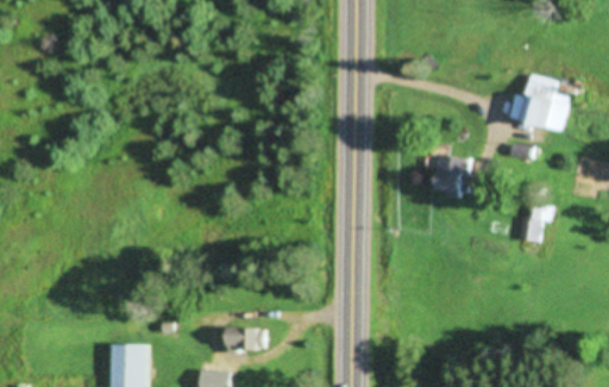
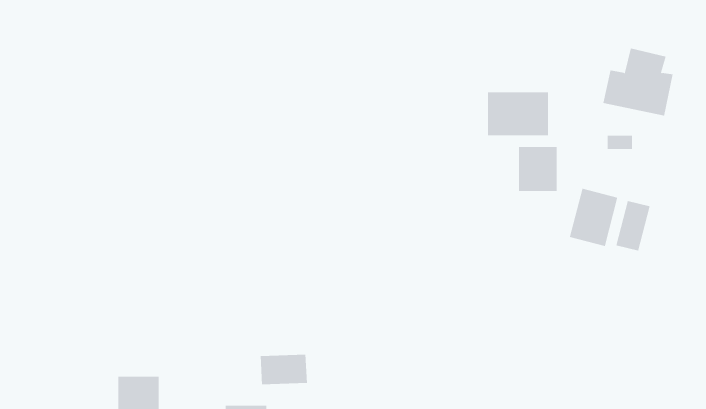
building: none -> [488,91,548,136]
building: none -> [569,188,618,247]

